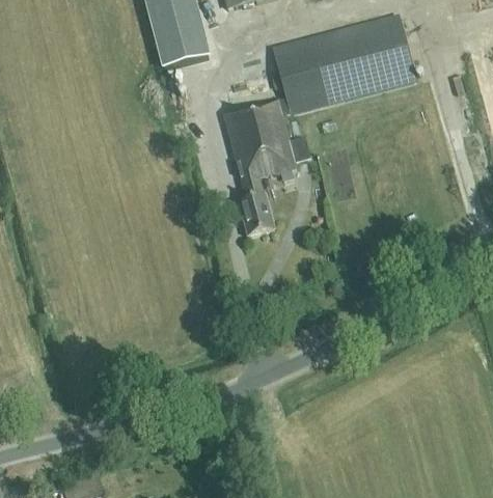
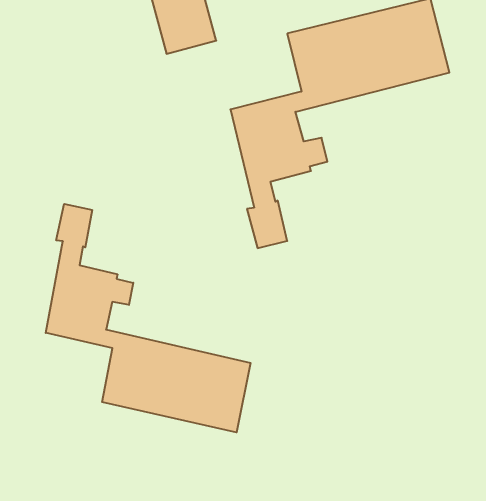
building: none -> [46,204,251,432]

